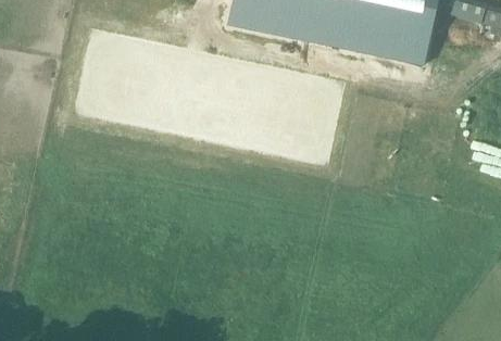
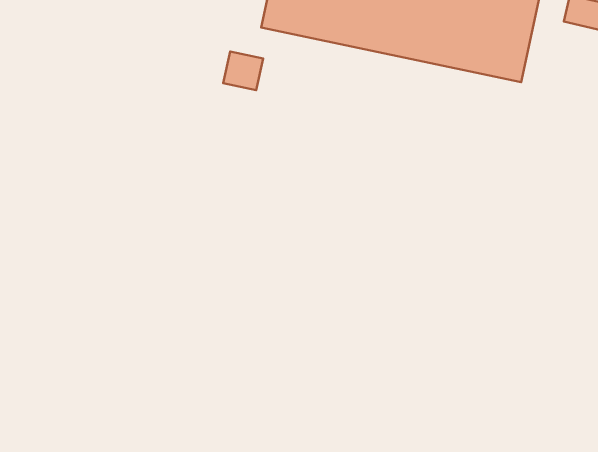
building: none -> [223,51,263,90]

